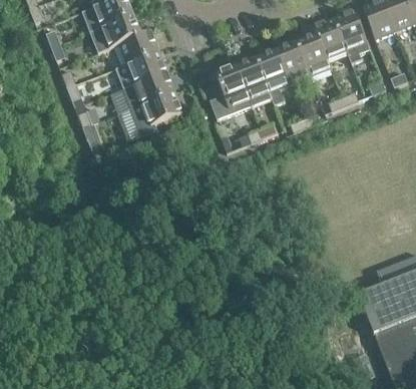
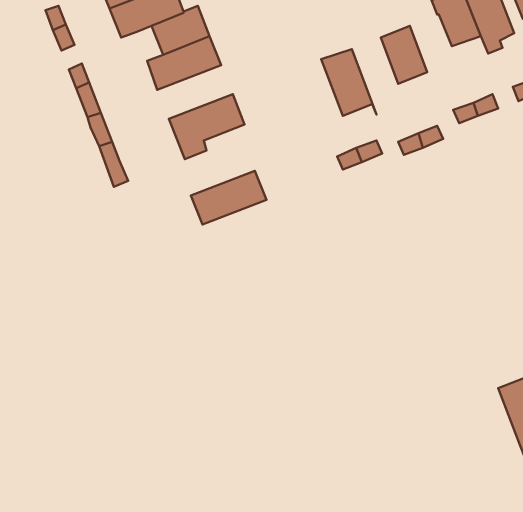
building: [297,35,330,75] -> none
building: [257,51,289,104] -> none
building: [209,66,251,118] -> none
building: [122,70,174,107] -> [191,171,266,225]

